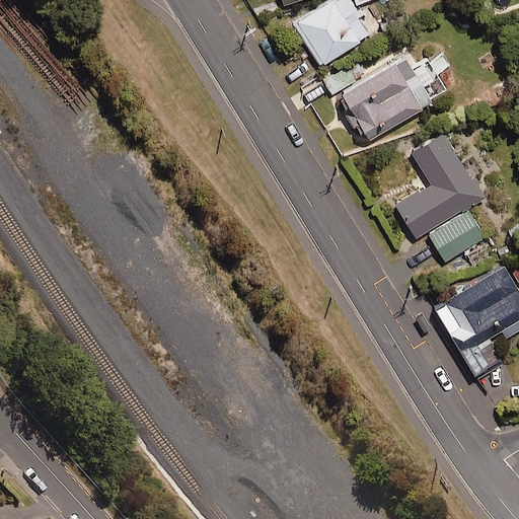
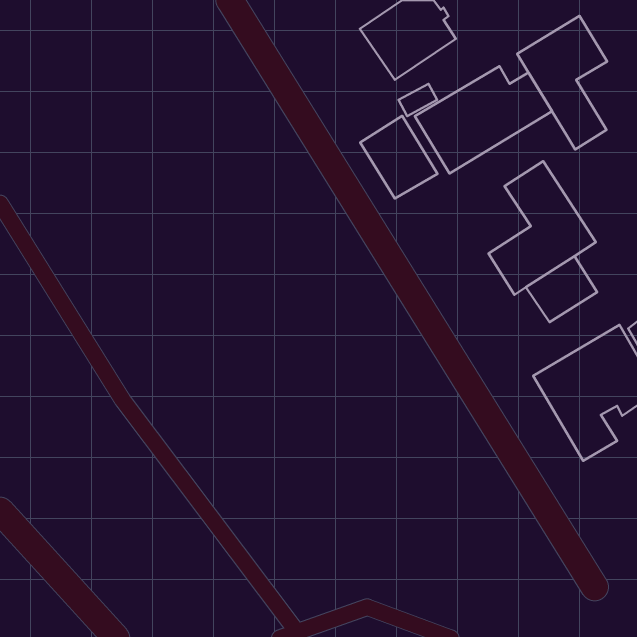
building: none -> [517,16,607,149]
building: none -> [360,116,437,198]

